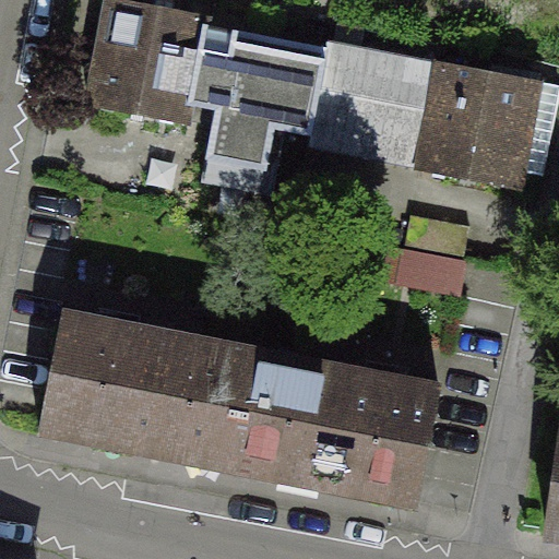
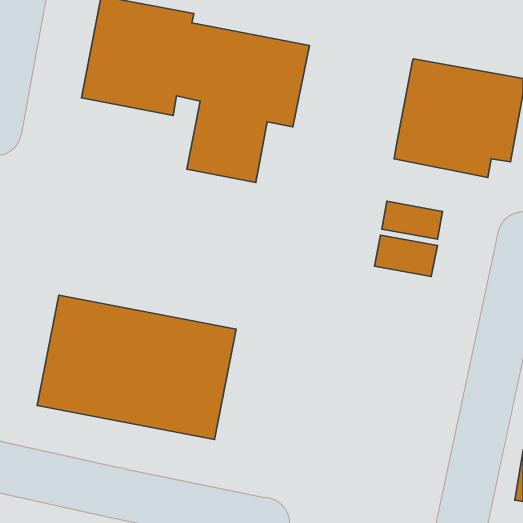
building: [310,43,437,155] -> none
building: [227,348,439,502] -> none

